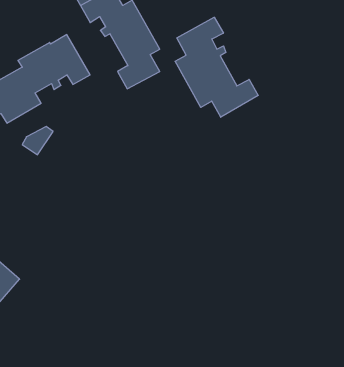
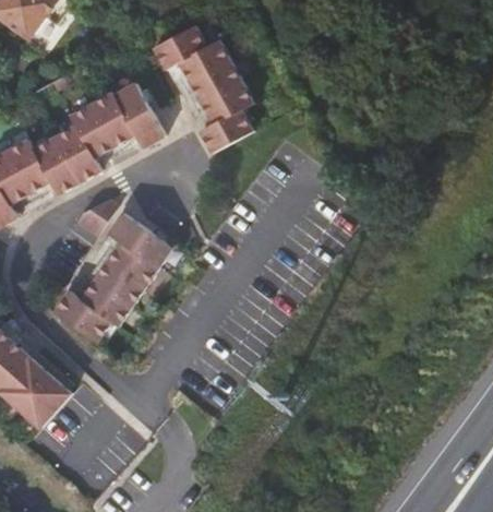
building: [175,17,258,117] -> none
building: none -> [55,212,172,341]

